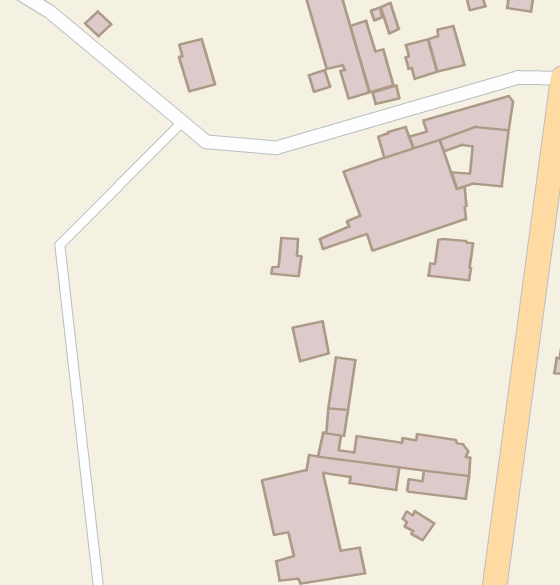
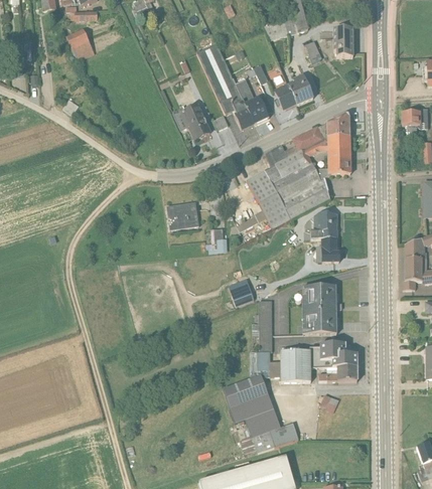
building: [179,39,215,91] -> [183,103,210,138]
building: none -> [167,201,199,228]
building: none -> [316,236,339,262]
building: none -> [302,285,341,333]

